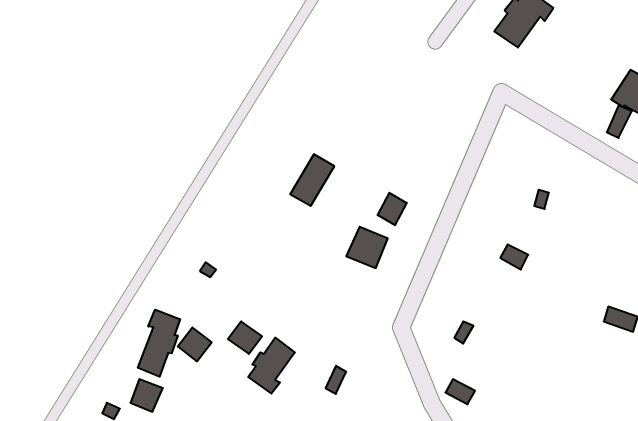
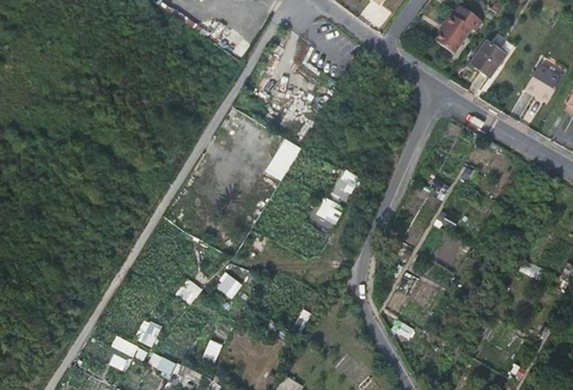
building: none -> [469,41,506,79]
building: [138,310,180,377] -> none
building: [248,338,295,394] -> none

